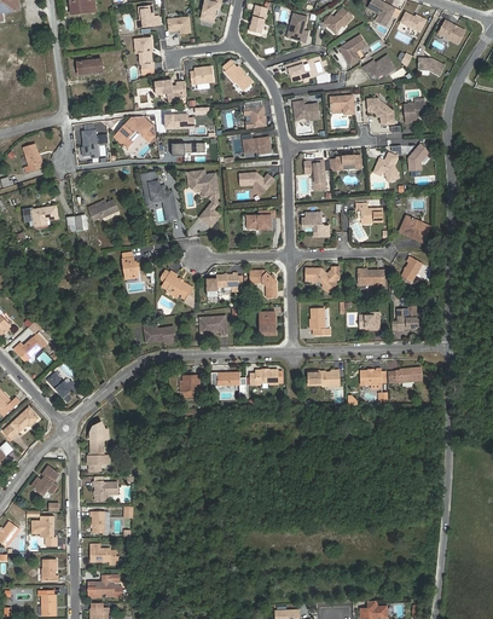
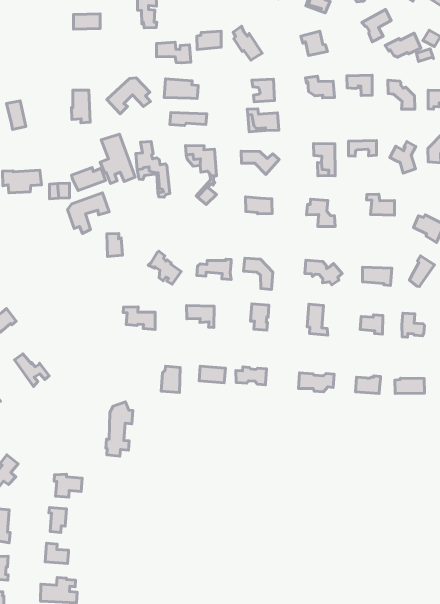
building: none -> [100,134,135,184]
building: none -> [68,193,109,233]
building: [87,421,109,470] -> [106,402,133,456]

